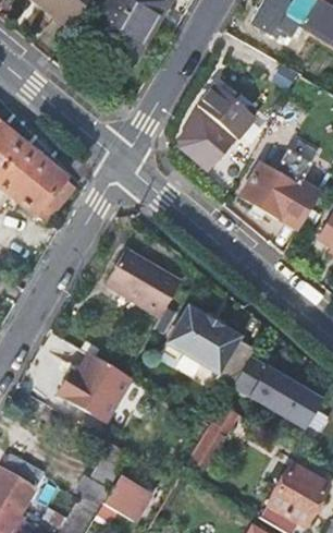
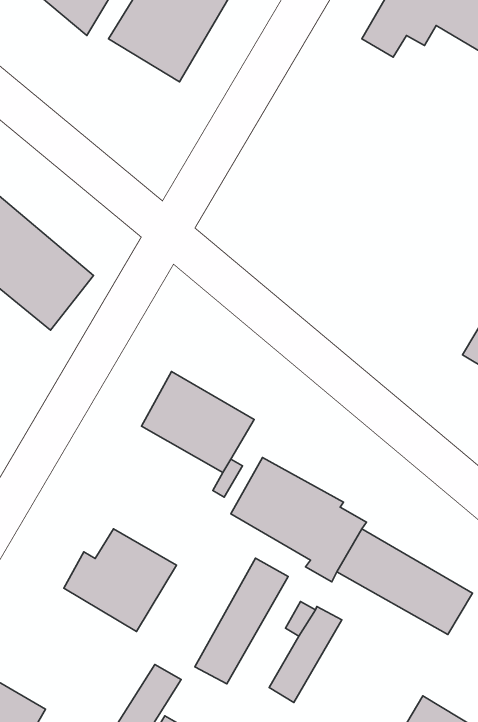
building: [180,71,268,168] -> none
building: [240,150,317,230] -> none
building: none -> [195,558,288,684]

